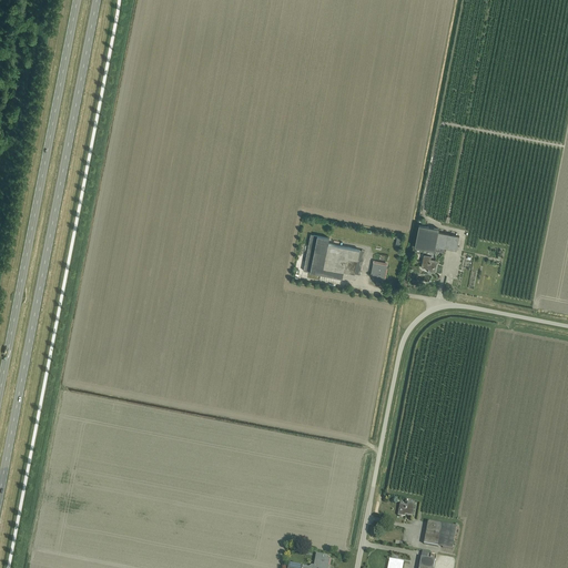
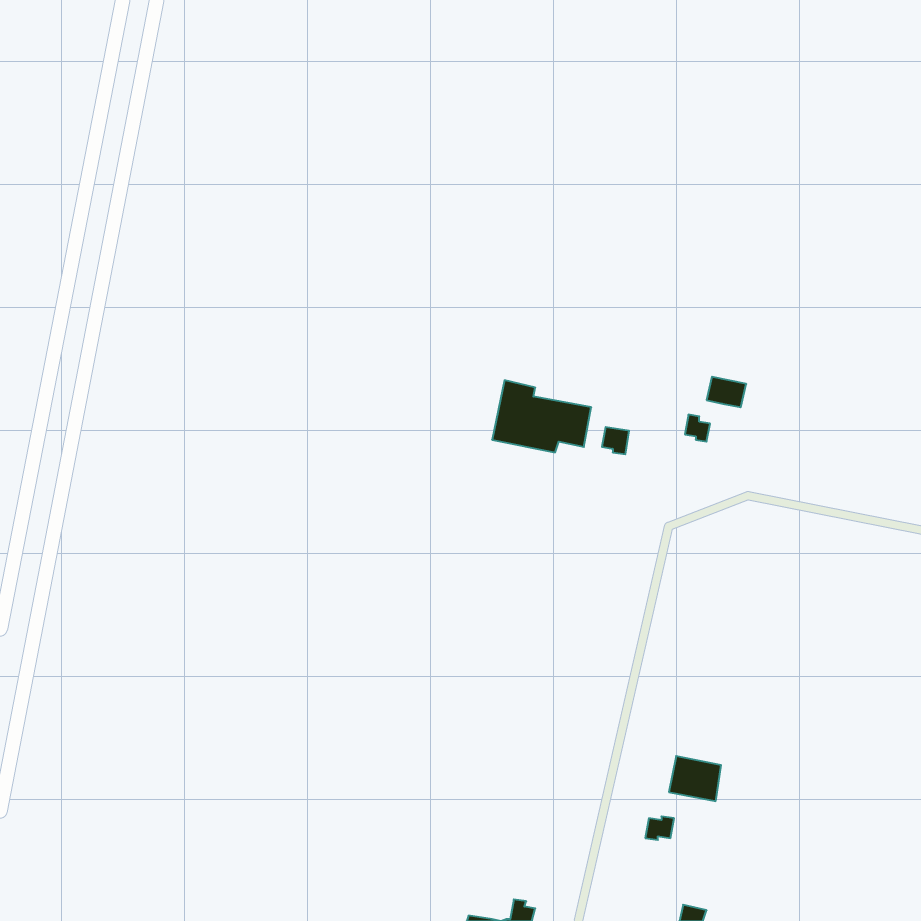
building: [415,225,438,251] -> none
building: [424,521,456,549] -> [669,756,721,801]

